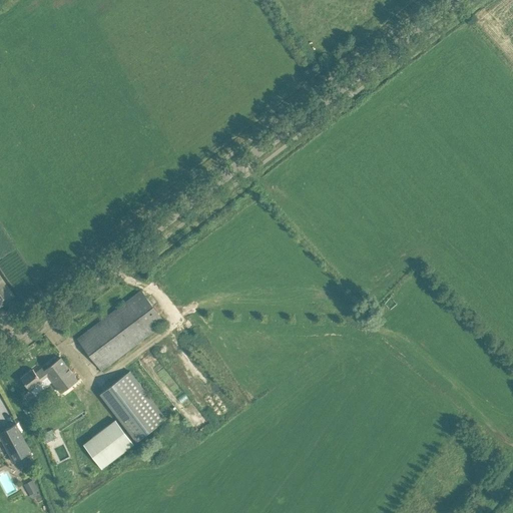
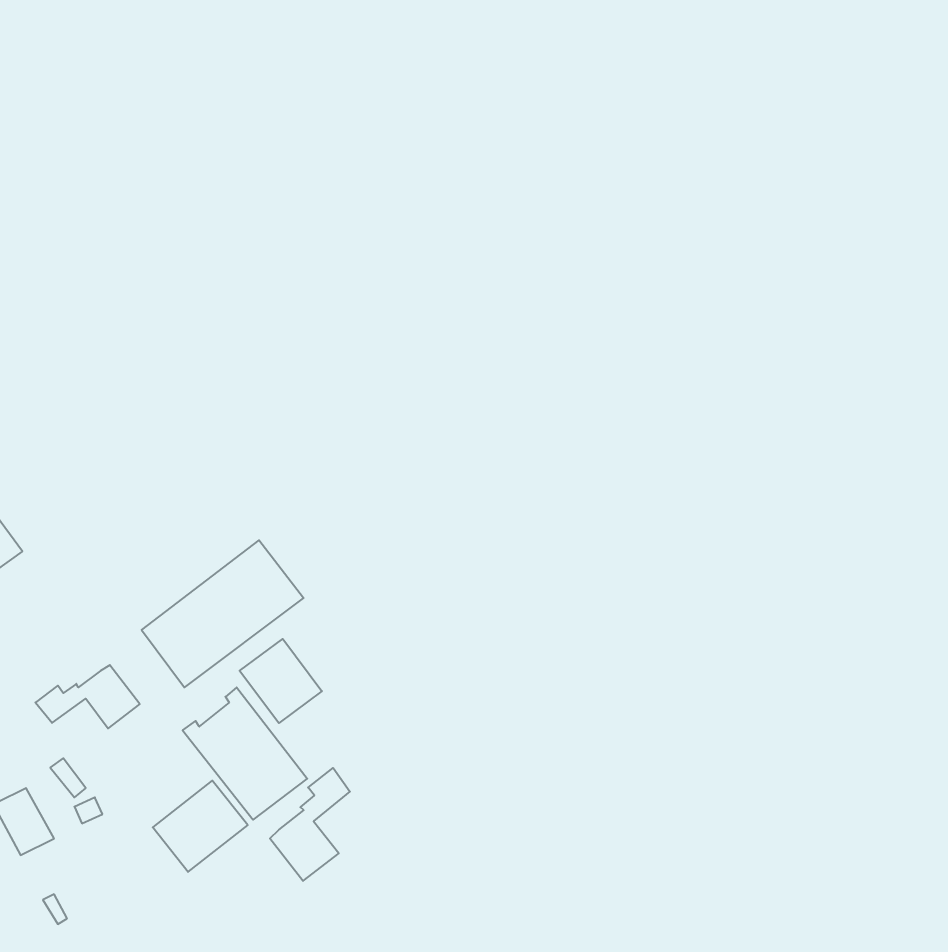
building: none -> [240,639,322,723]
building: none -> [270,768,350,881]

